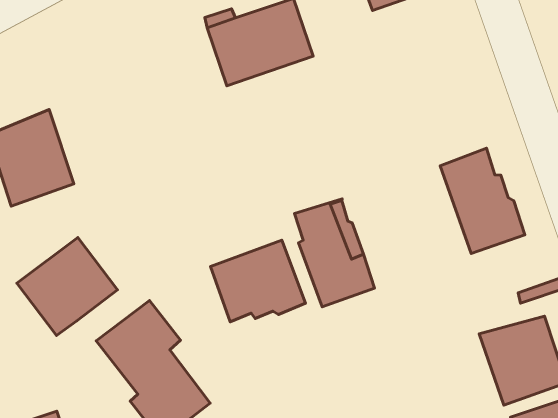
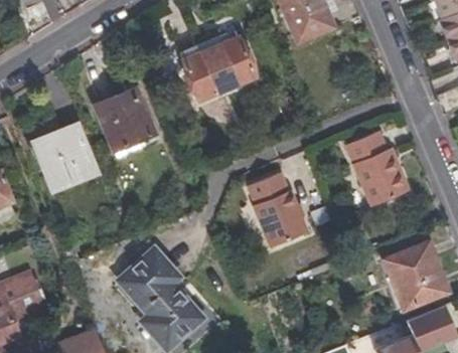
building: none -> [94,87,154,150]
building: [17,237,118,336] -> none
building: [211,240,305,322] -> none

